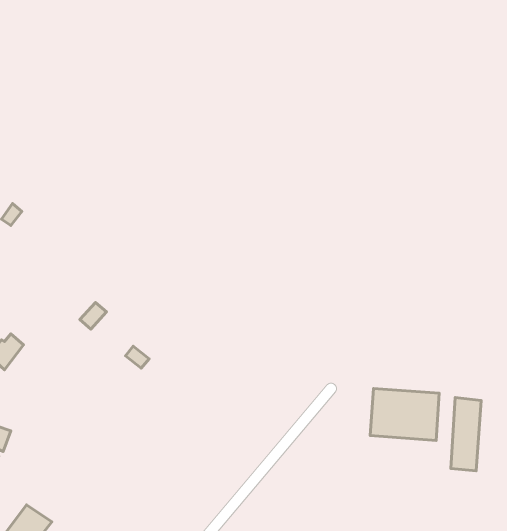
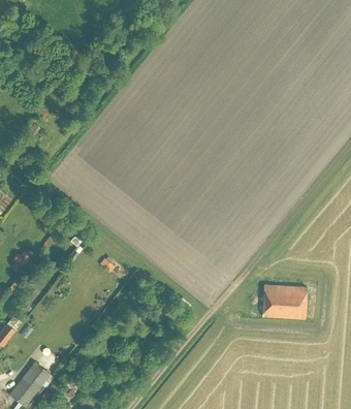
building: [451,397,481,471] -> none

